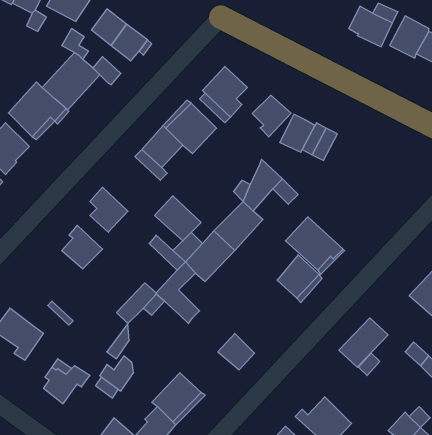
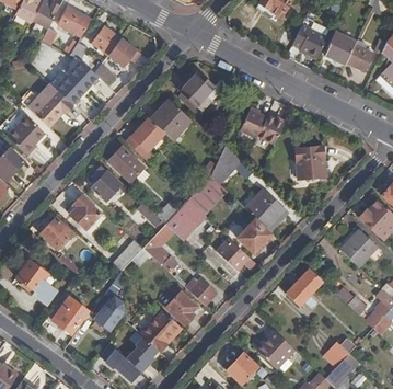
building: [252,95,291,137] -> none
building: none -> [294,146,326,179]
building: [155,196,201,241] -> [107,146,143,181]
building: none -> [39,217,72,250]
building: none -> [216,238,248,270]
building: none -> [164,290,197,324]

